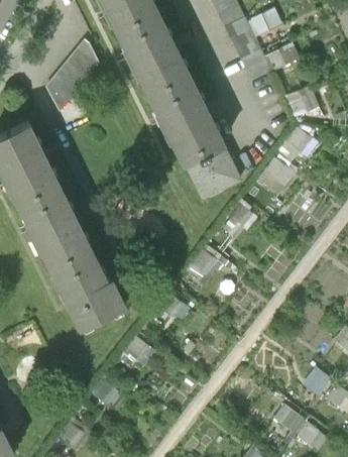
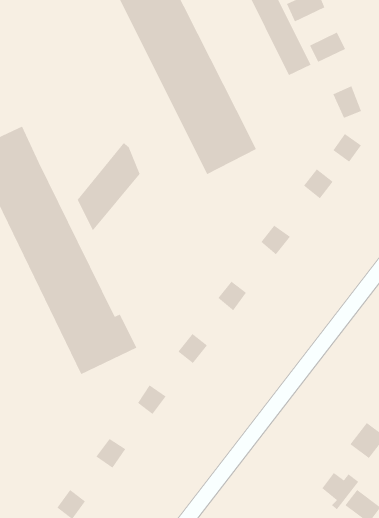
building: [46,36,99,110] -> [77,142,140,231]
building: [183,141,241,198] -> none

